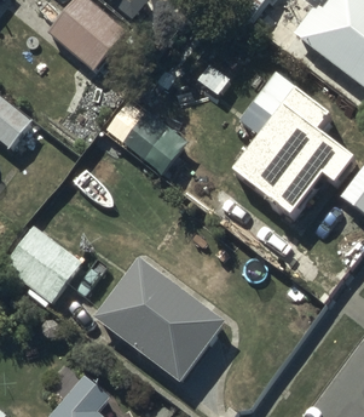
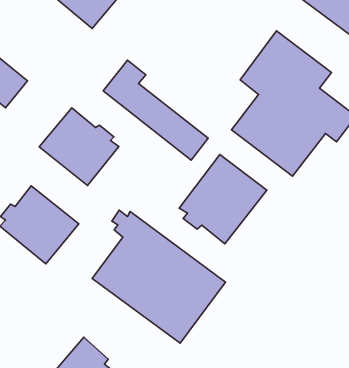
building: none -> [39,108,119,186]
building: none -> [179,155,267,244]

